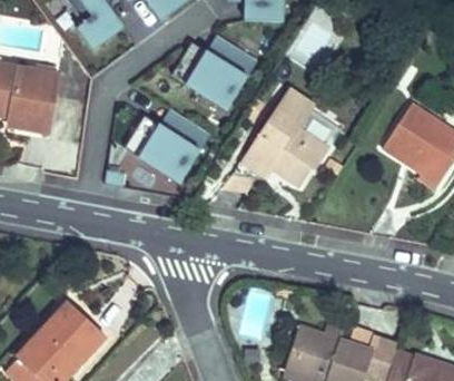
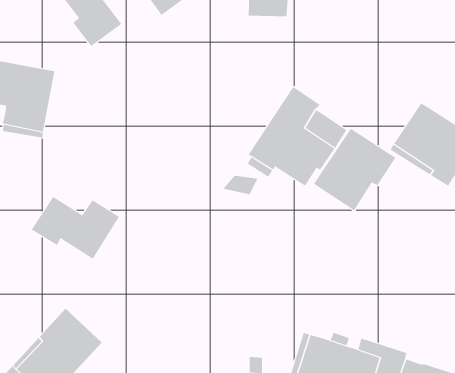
building: [171,36,259,110] -> none
building: [124,115,209,176] -> [31,196,120,260]
building: none -> [313,128,396,211]

